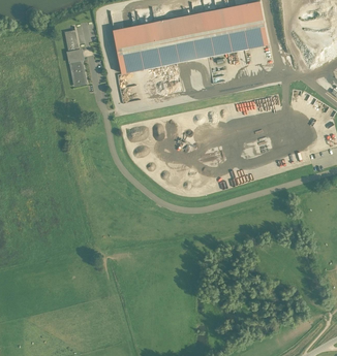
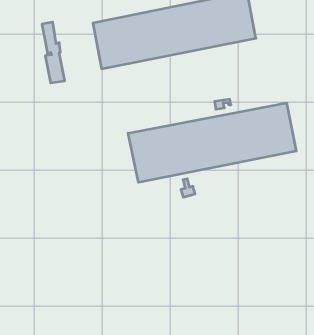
building: none -> [128,103,296,182]

